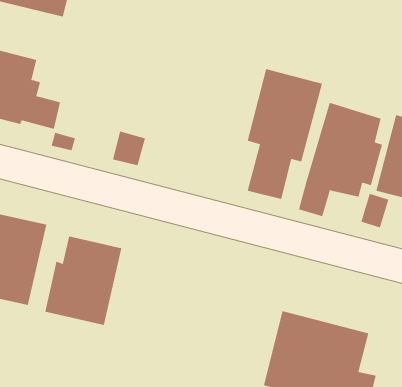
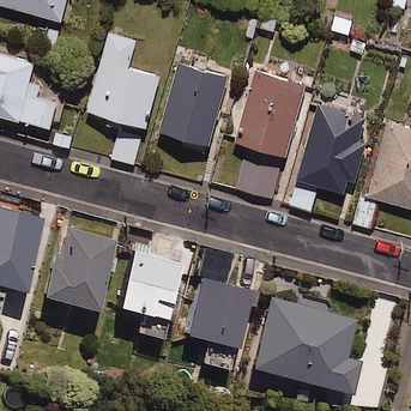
building: none -> [86,30,162,127]
building: none -> [161,64,230,145]
building: none -> [119,254,183,326]
building: none -> [187,280,255,352]

